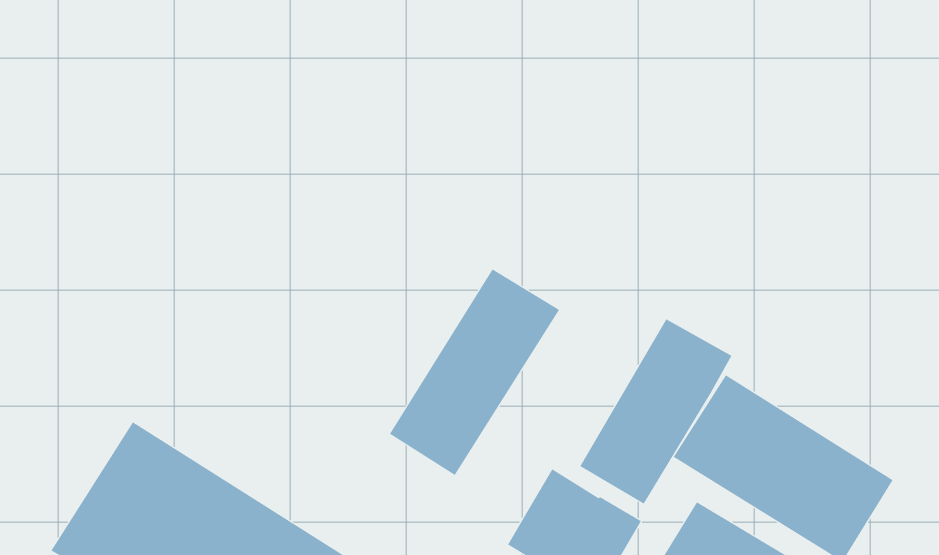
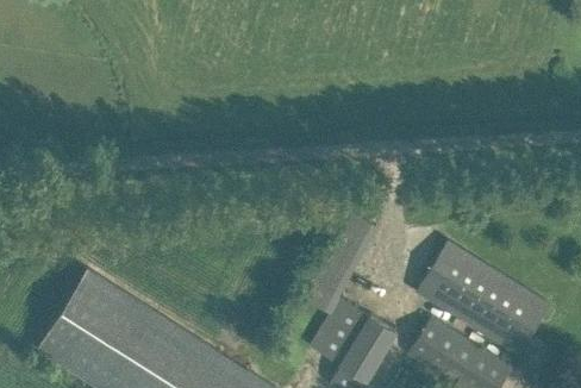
building: [389,269,560,476] -> none
building: [579,318,732,504] -> none

